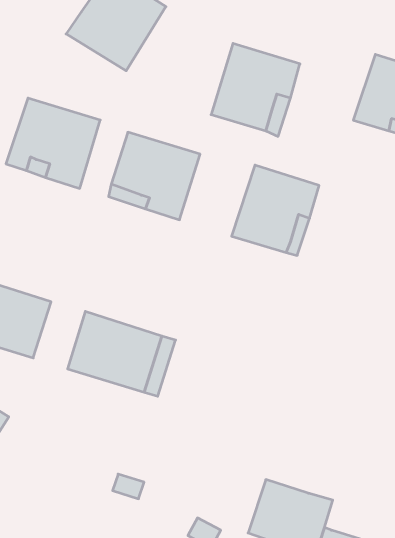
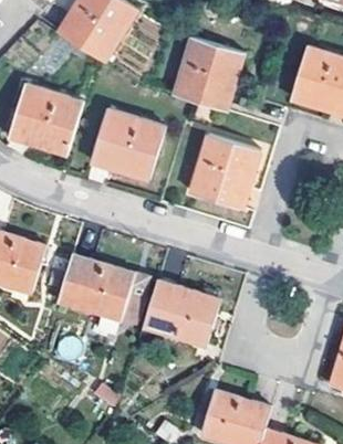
building: none -> [143,281,221,348]

